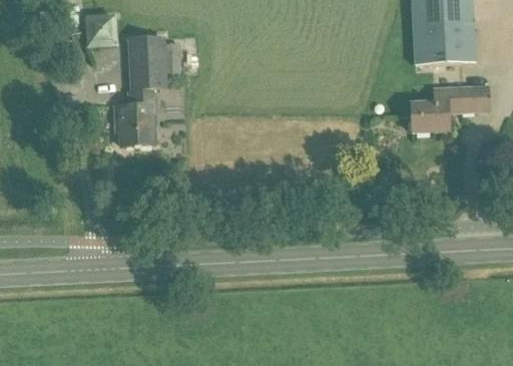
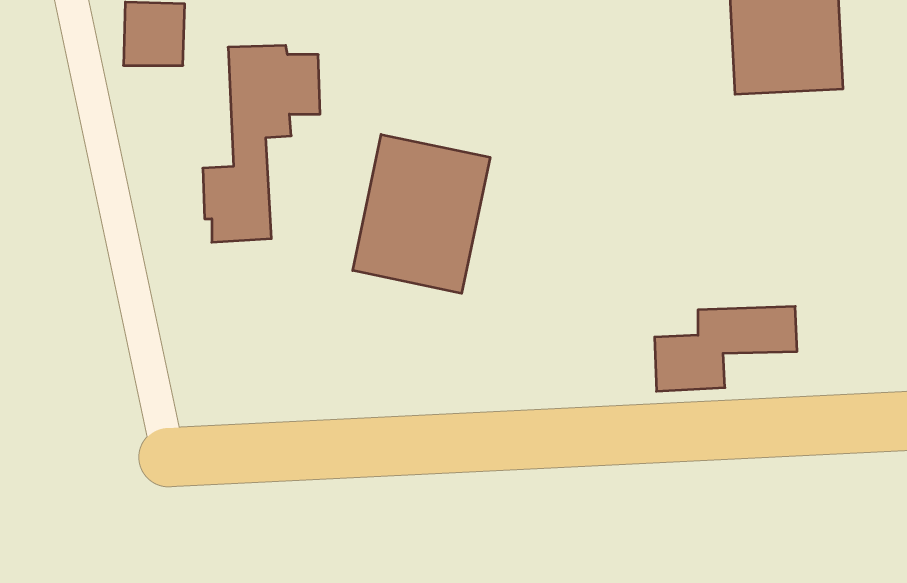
building: [412,84,491,131] -> [655,306,797,391]
building: none -> [353,134,490,293]

